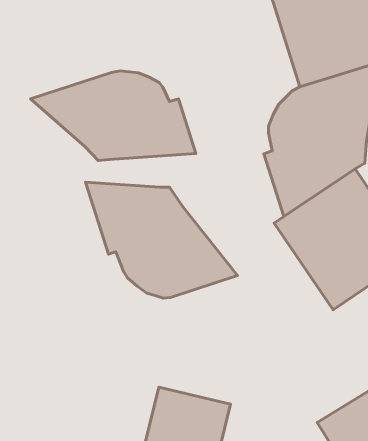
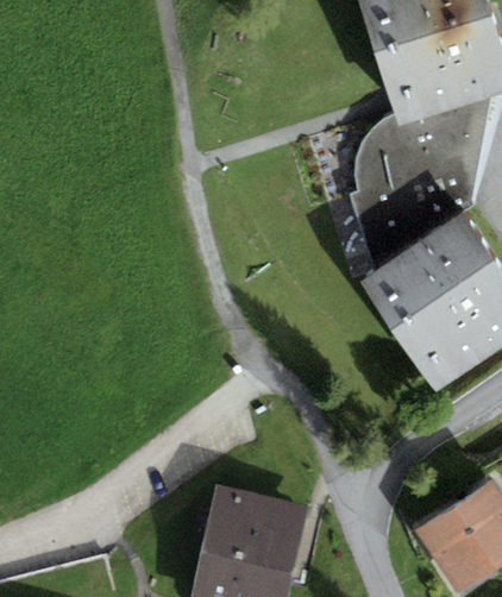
building: [30,71,196,161] -> none
building: [86,182,237,298] -> none

